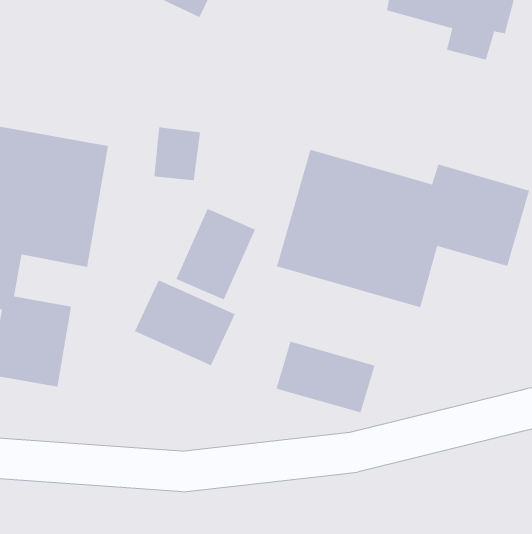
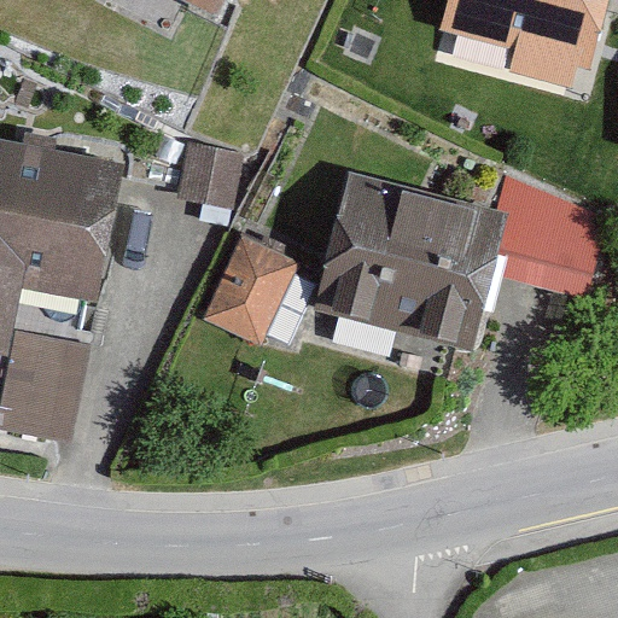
building: [134,279,235,366] -> none
building: [276,341,375,413] -> none

